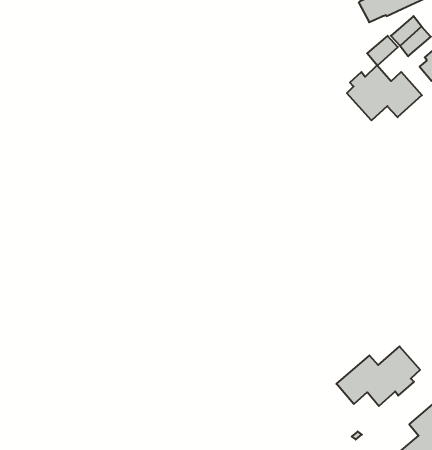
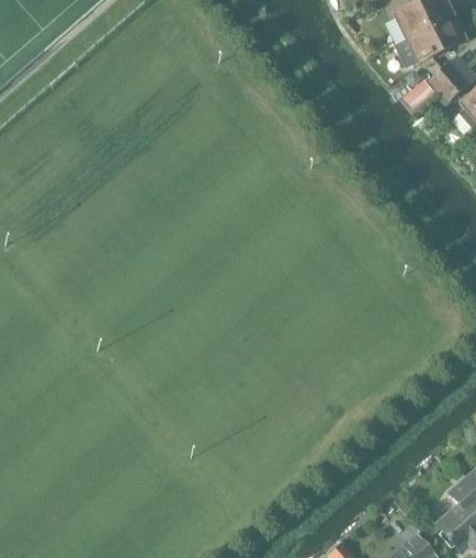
building: [347,65,422,120] -> none
building: [336,346,420,406] -> none

